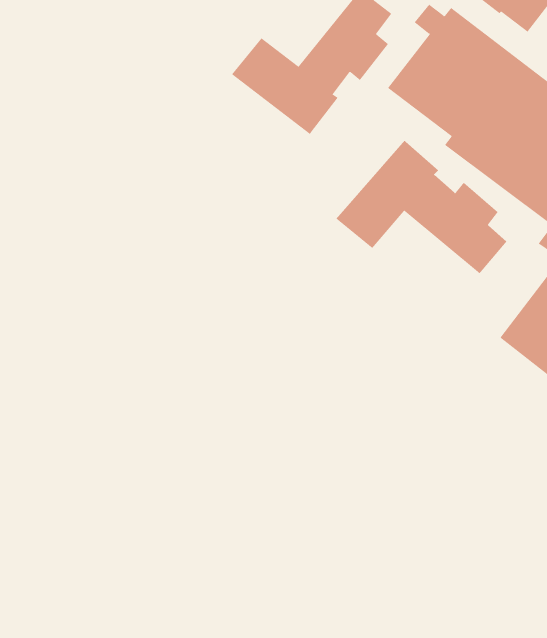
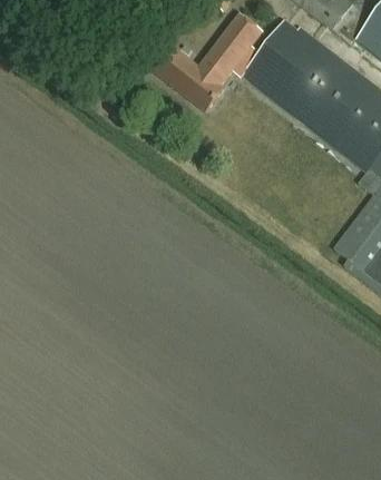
building: [336,140,507,274] -> none

